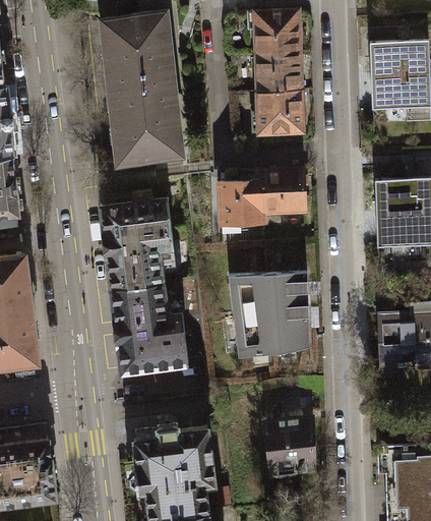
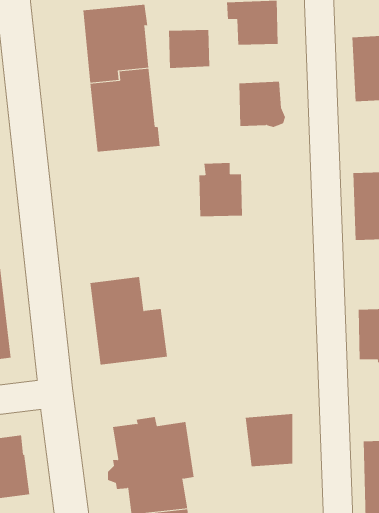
building: [258,54,300,93] -> [168,29,210,68]
building: [262,170,306,224] -> none
building: [102,199,174,290] -> none
building: [232,274,311,358] -> none

